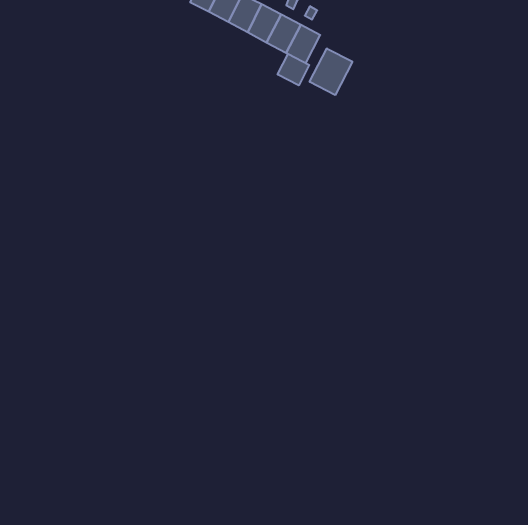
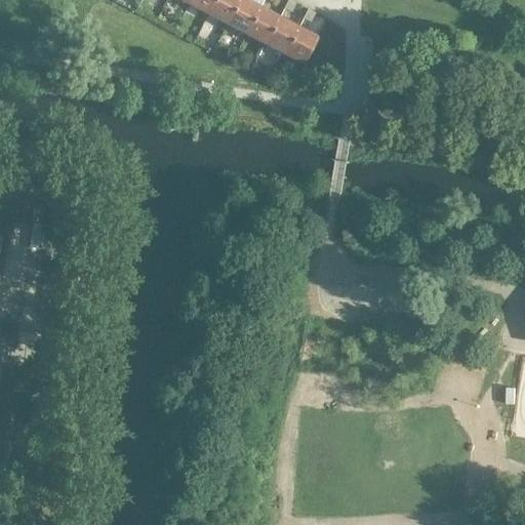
building: [310,48,352,95] -> none
building: [278,54,309,85] -> none

